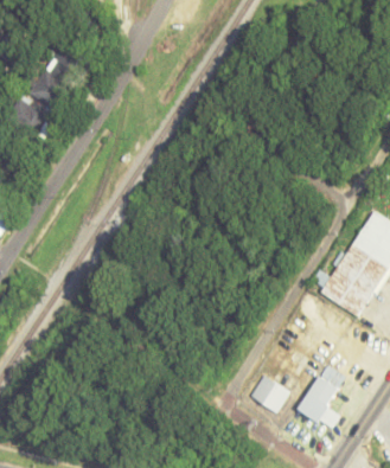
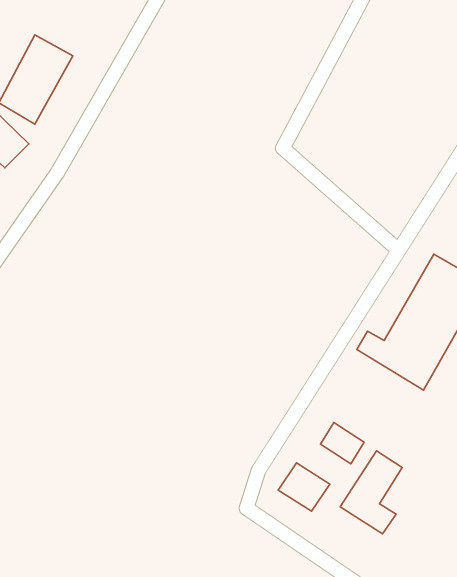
building: none -> [321,423,364,464]

